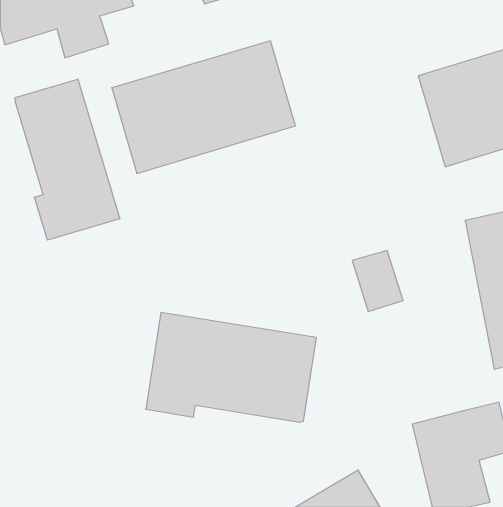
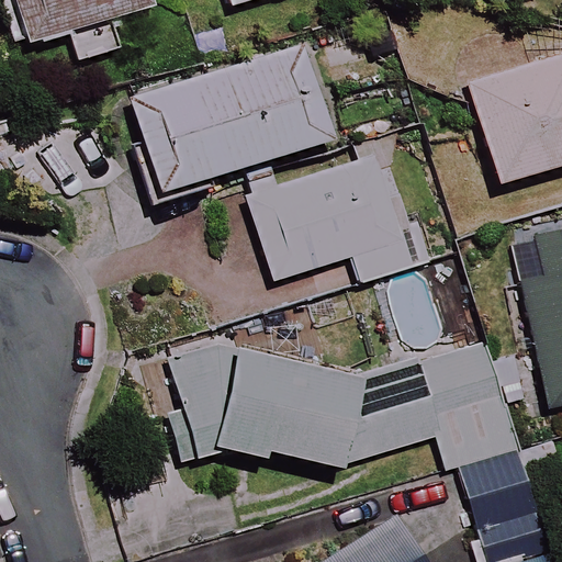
building: [15,79,120,240] -> none
building: none -> [247,153,413,282]
building: none -> [341,351,516,463]

